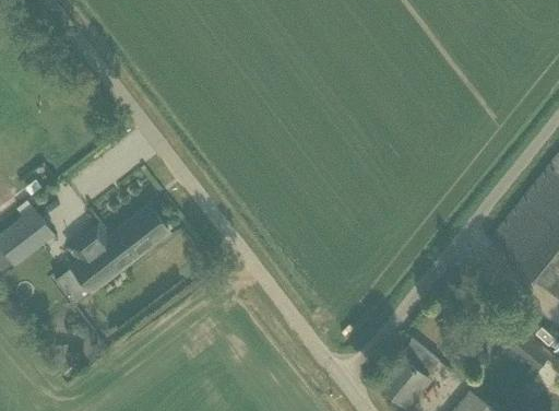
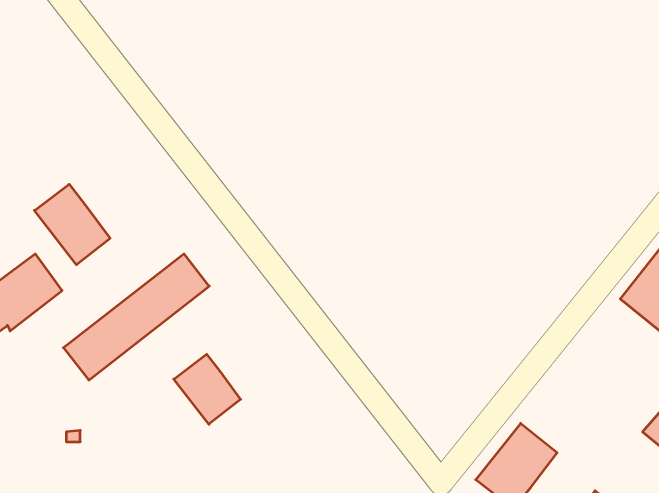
building: none -> [34,184,110,265]
building: none -> [174,354,241,424]

